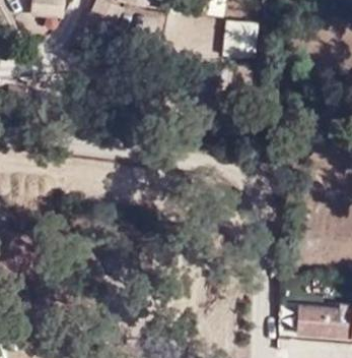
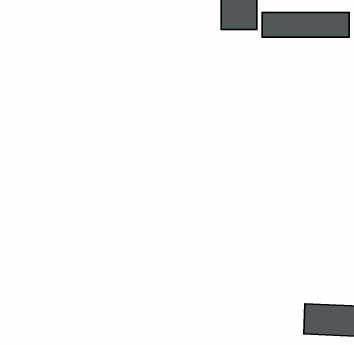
building: none -> [262,13,349,37]

